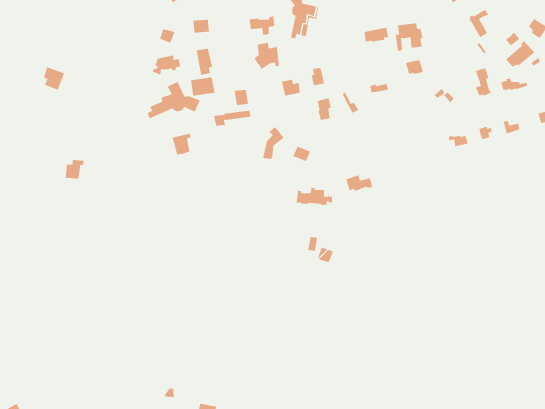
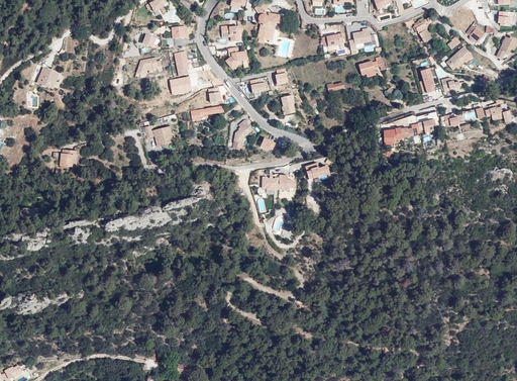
building: [147,81,200,119] -> none

